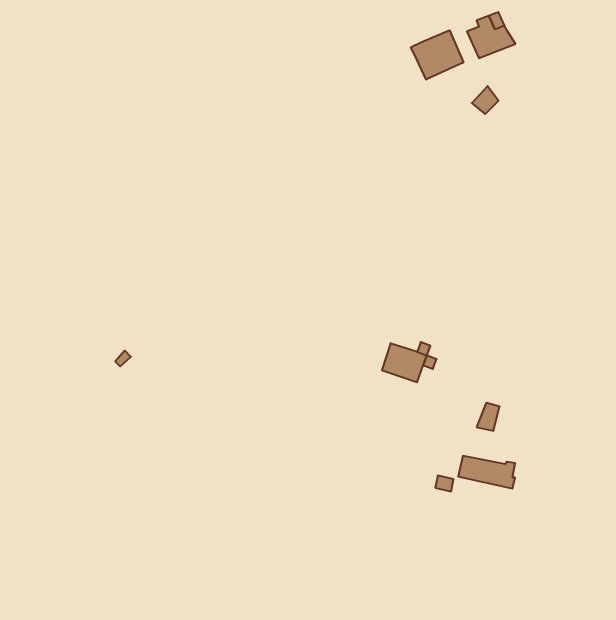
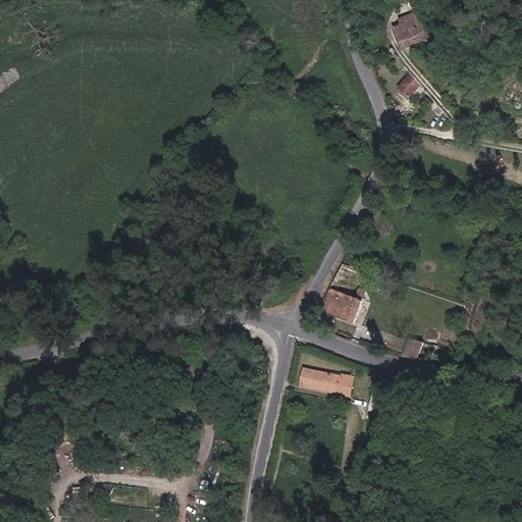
building: [411,30,463,80] -> none
building: [458,456,515,488] -> [300,369,348,397]

